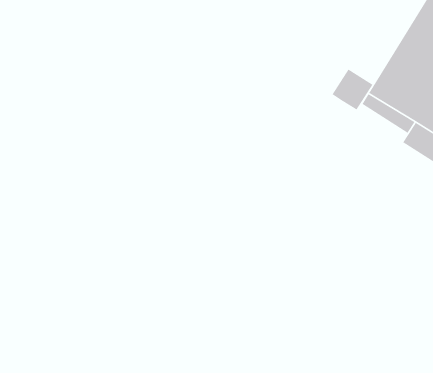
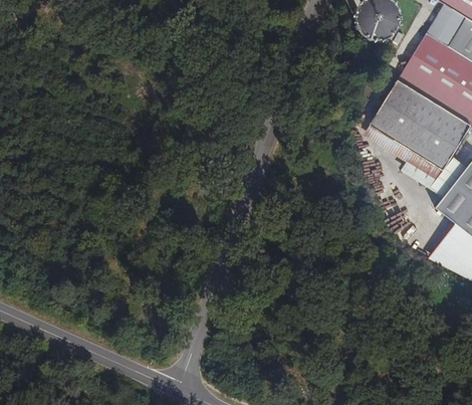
building: [332,68,373,111] -> none

